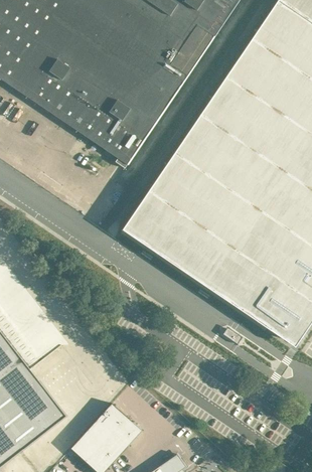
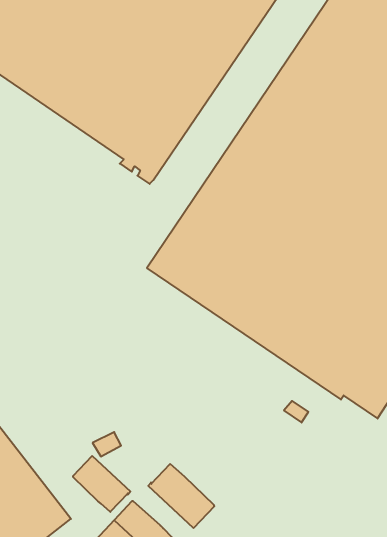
building: none -> [73,456,130,512]
building: none -> [148,464,214,528]

